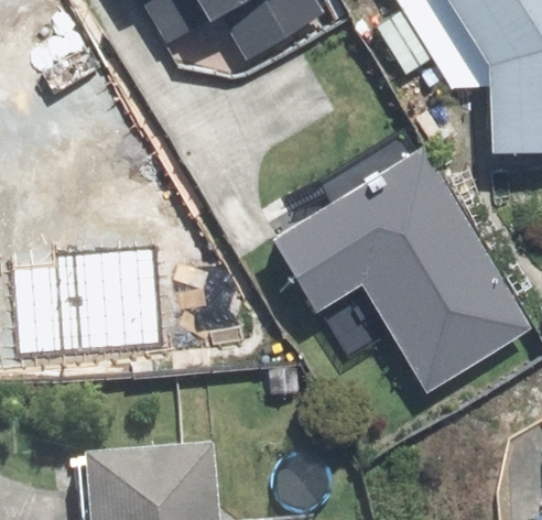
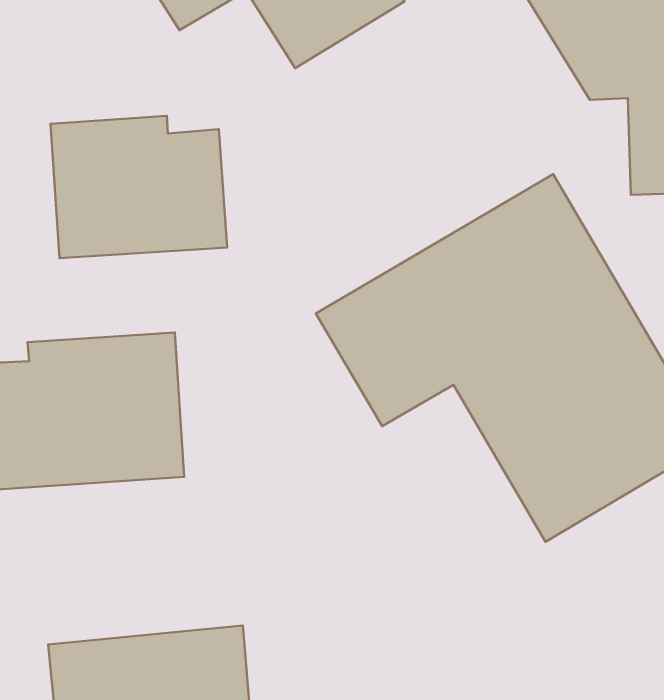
building: none -> [50,116,227,258]

